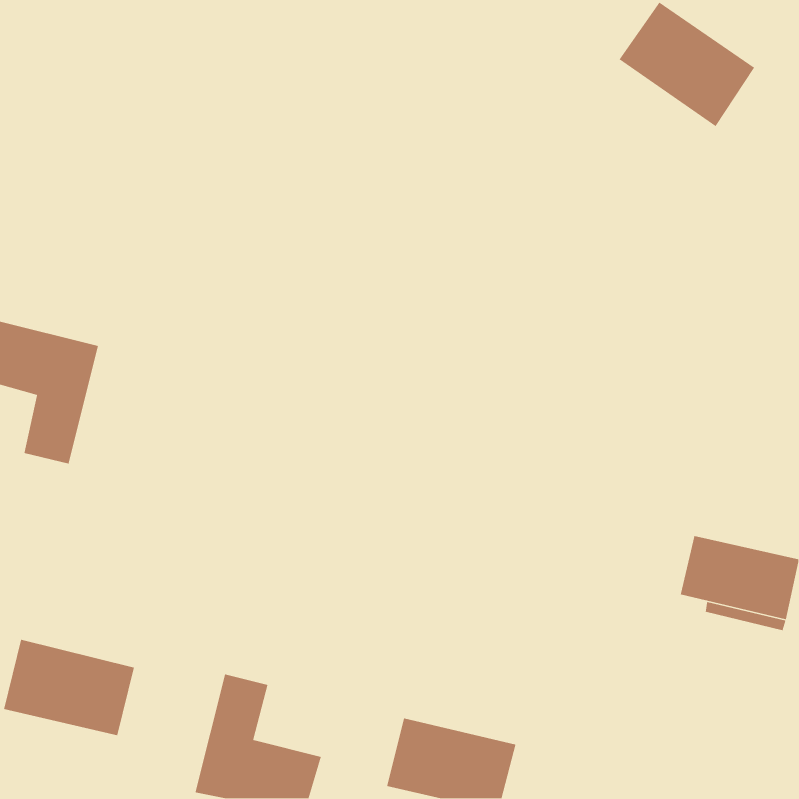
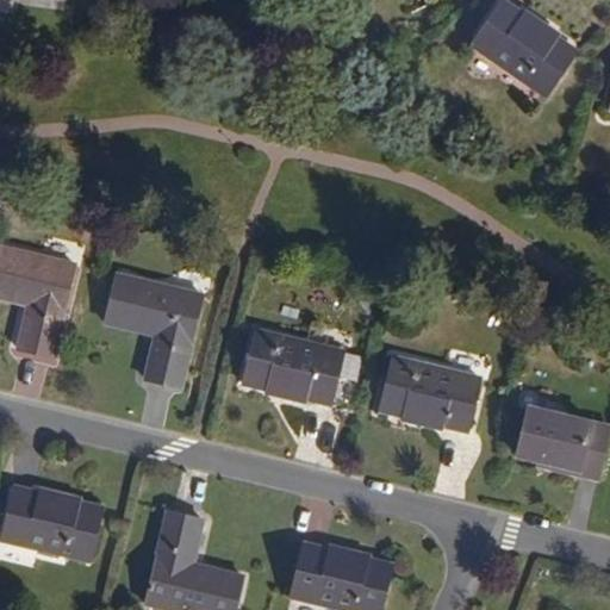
building: none -> [105,273,201,384]
building: none -> [241,329,341,402]
building: none -> [379,355,478,428]

